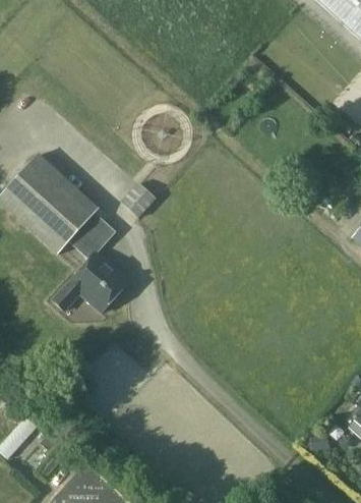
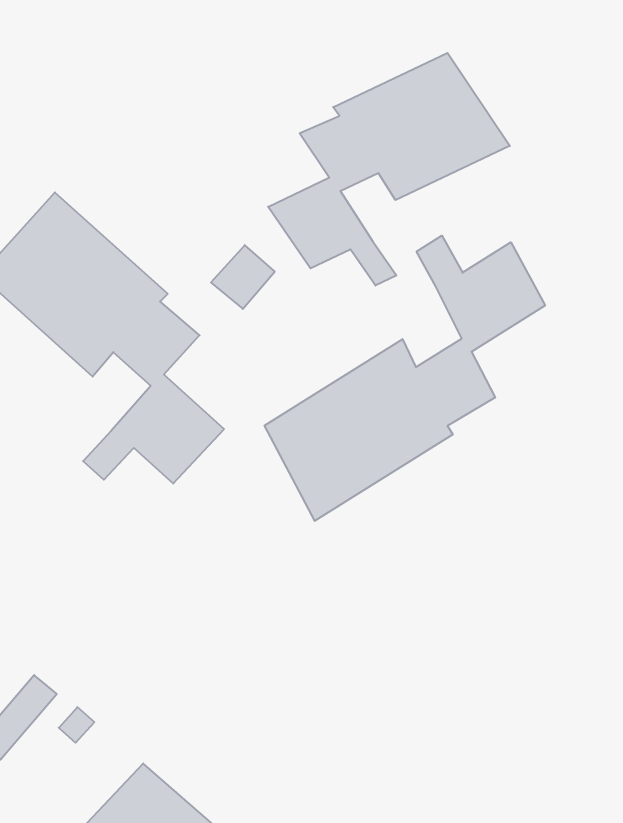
building: none -> [268,53,510,286]
building: none -> [265,236,545,521]

